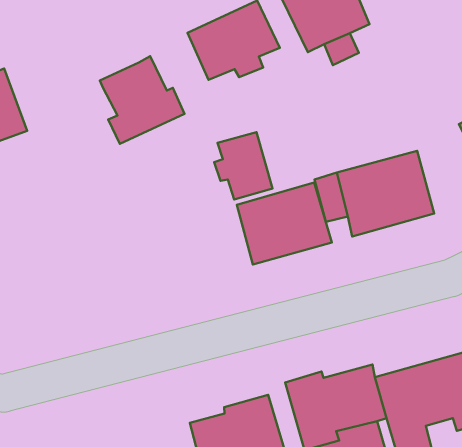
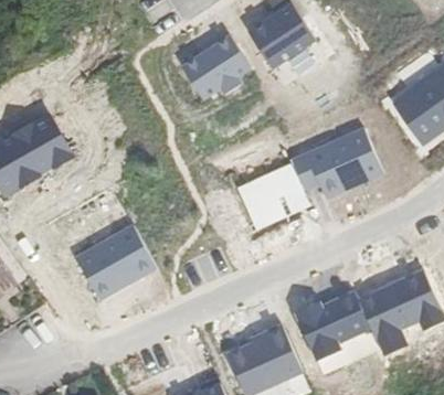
building: [100,56,185,144] -> none
building: [214,132,272,200] -> none
building: none -> [76,225,158,300]

